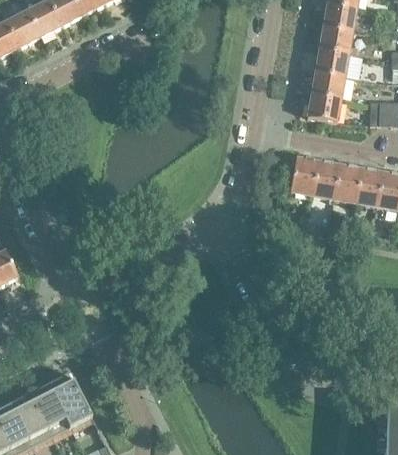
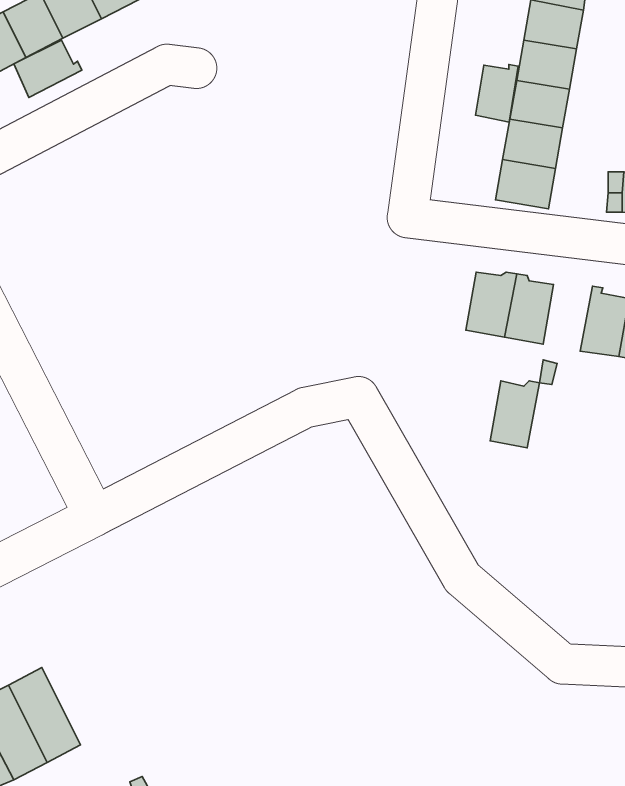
building: none -> [14,40,82,97]
building: none -> [475,64,518,122]
building: [333,165,361,203] -> [490,381,540,448]
building: [48,373,91,427] -> none

